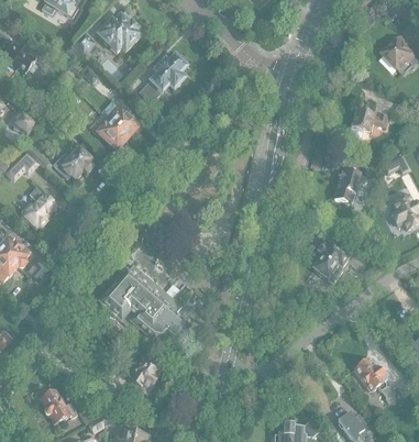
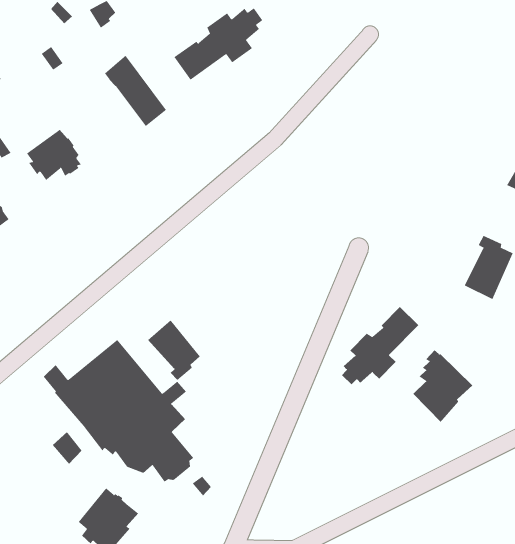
building: [90,111,128,147] -> none
building: none -> [341,306,419,385]
building: none -> [147,320,201,381]

